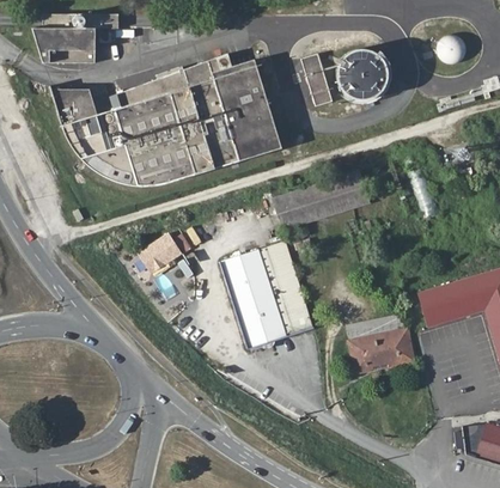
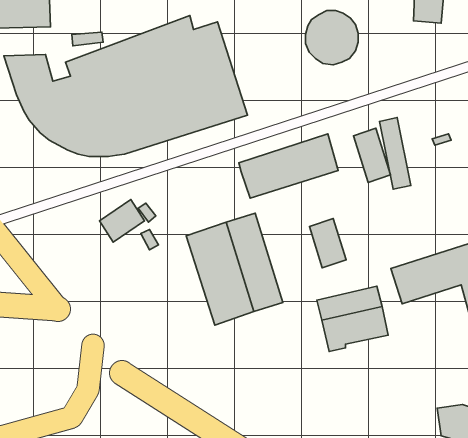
building: [303,50,336,104] -> none
building: none -> [354,128,390,182]
building: none -> [309,219,346,268]

